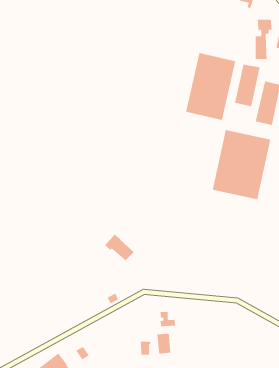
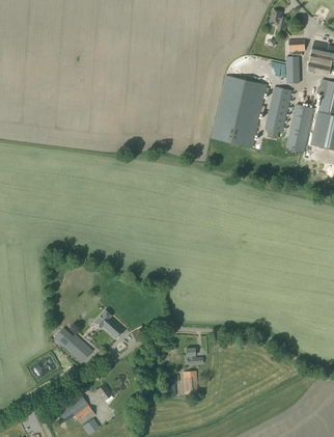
building: [212,129,271,200] -> none
building: [104,234,134,261] -> [92,309,124,338]
building: none -> [53,327,92,363]

